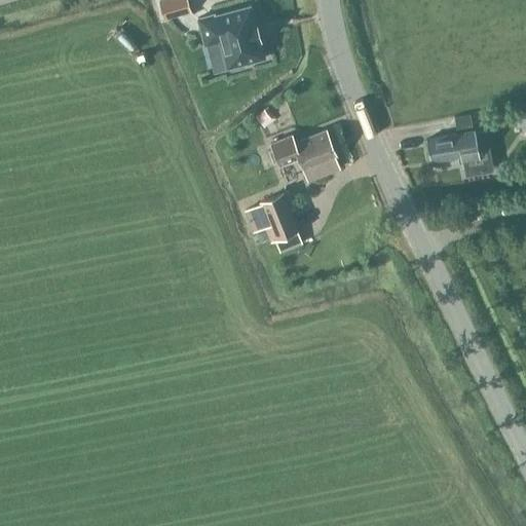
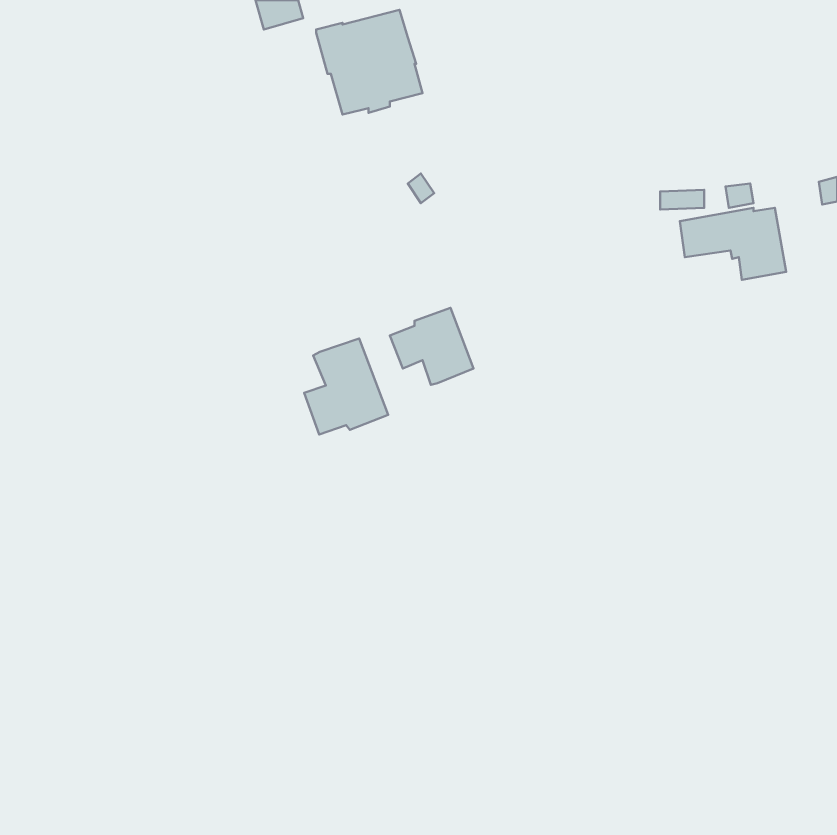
building: [271,130,340,182] -> none
building: none -> [304,338,388,435]

